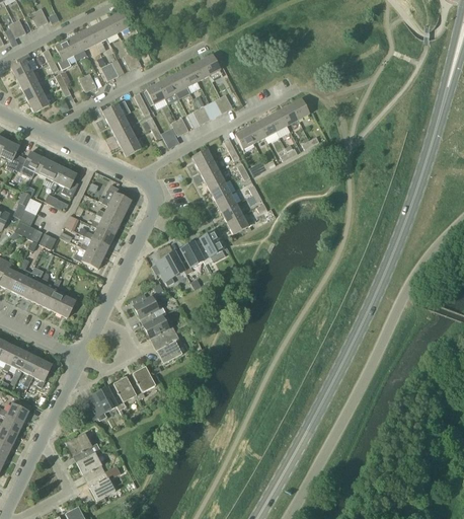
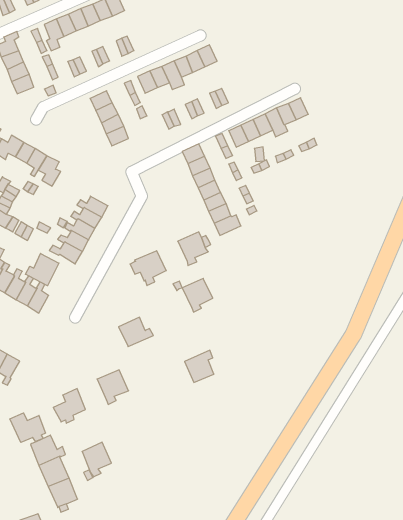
building: [99,183,132,212] -> none
building: [174,241,204,274] -> [182,278,213,312]
building: none -> [25,253,59,286]
building: [133,296,166,325] -> none
building: [153,331,181,363] -> [185,350,214,382]
building: [107,376,136,410] -> [82,442,111,477]
building: none -> [10,413,45,442]

